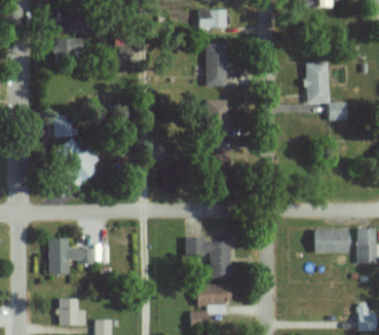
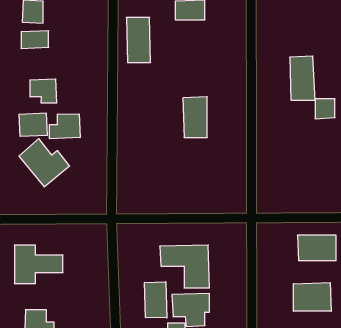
building: [204,44,227,86] -> [126,17,151,62]
building: none -> [30,79,57,103]
building: none -> [50,114,80,139]
building: none -> [145,282,167,318]
building: none -> [293,283,331,311]

